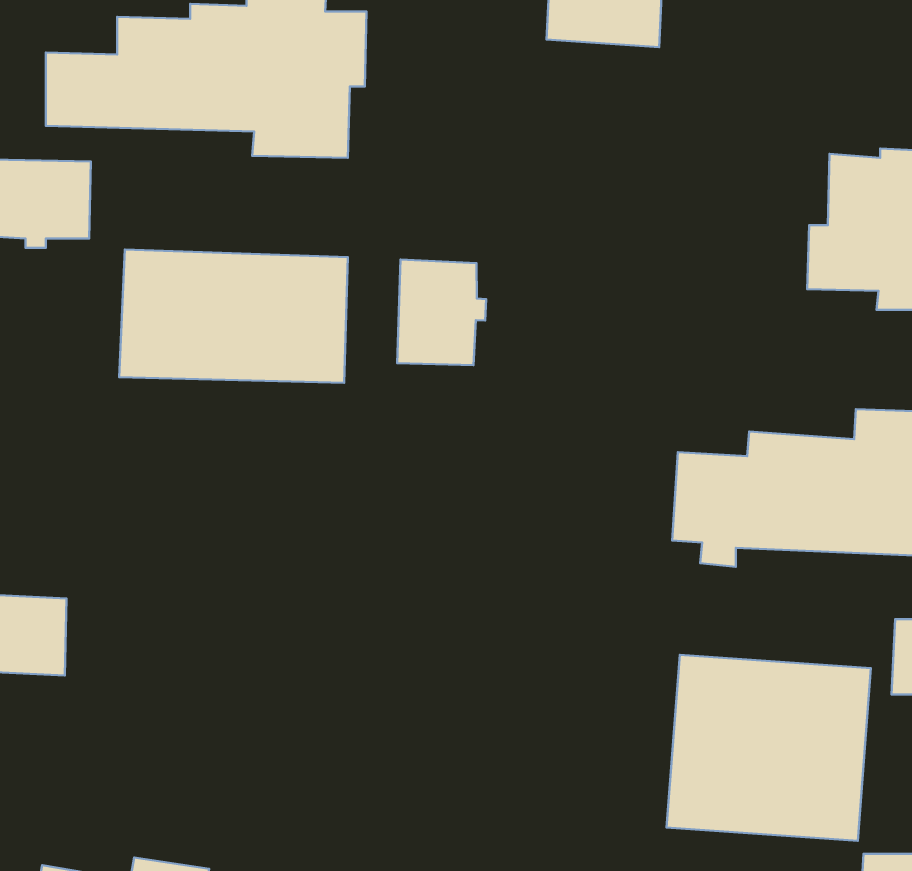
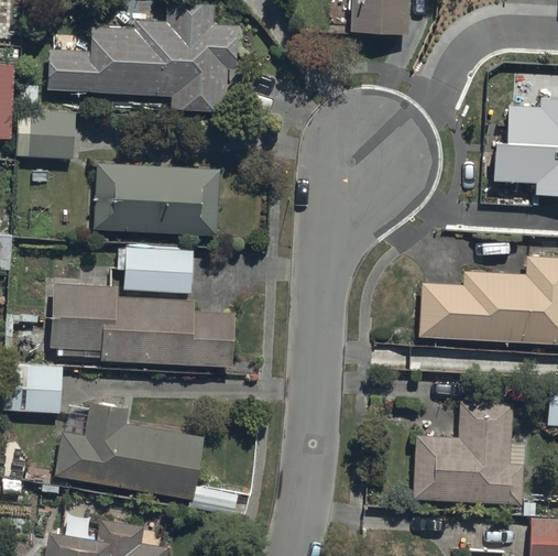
building: [397,259,486,365] -> none
building: none -> [117,244,193,293]
building: none -> [48,283,233,366]
building: none -> [55,412,206,505]

